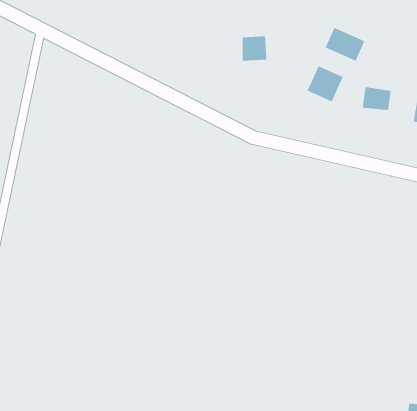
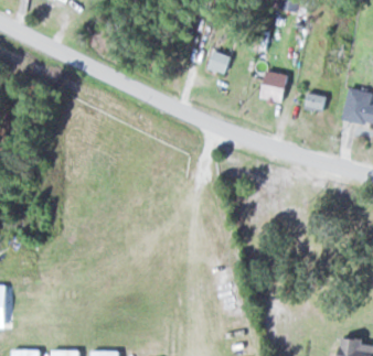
building: [325,27,365,62] -> none

